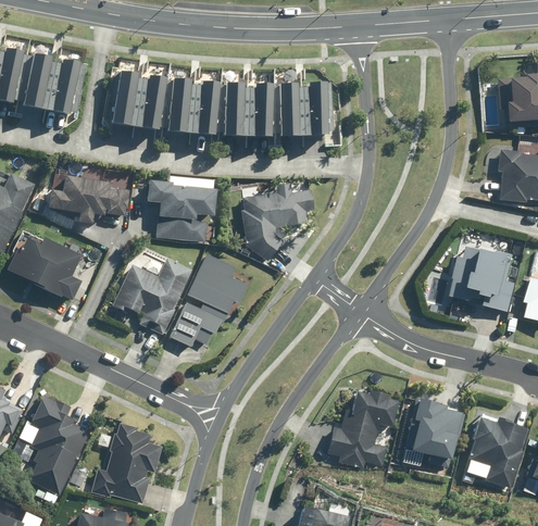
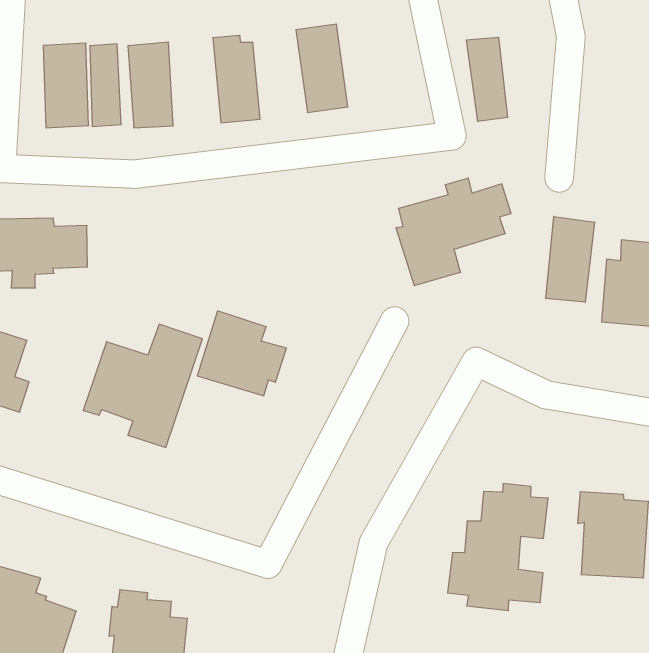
building: [200,80,222,136] -> none
building: [309,83,329,135] -> [466,37,508,121]
building: [255,84,275,137] -> none
building: [148,175,218,241] -> none
building: [241,184,315,247] -> [396,178,511,286]
building: none -> [546,216,595,302]
building: [170,303,225,348] -> none

